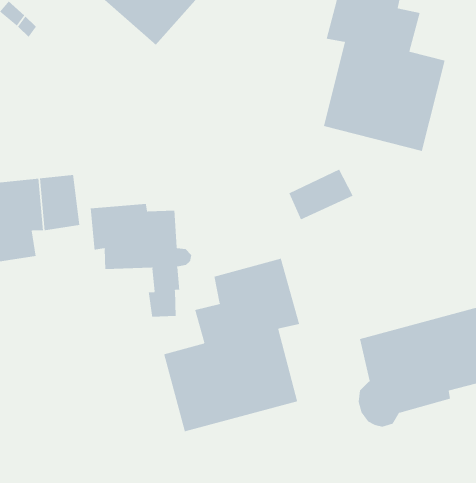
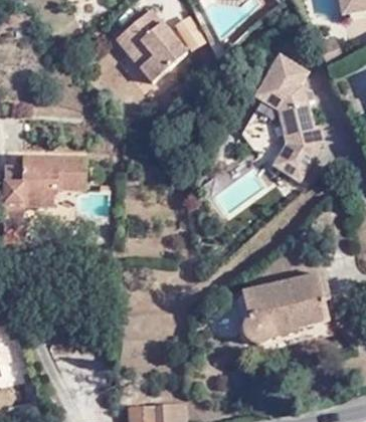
building: [90,203,192,317] -> none
building: [163,258,300,432] -> none

